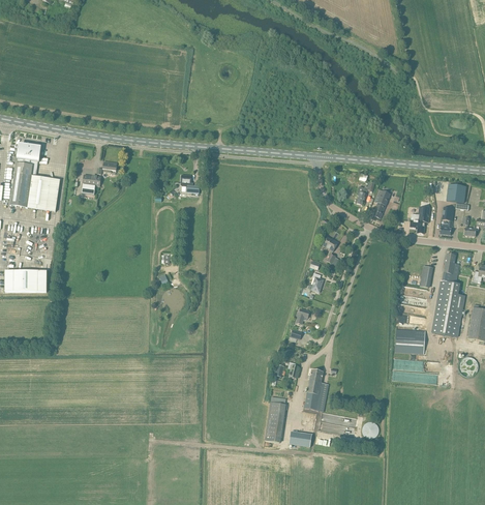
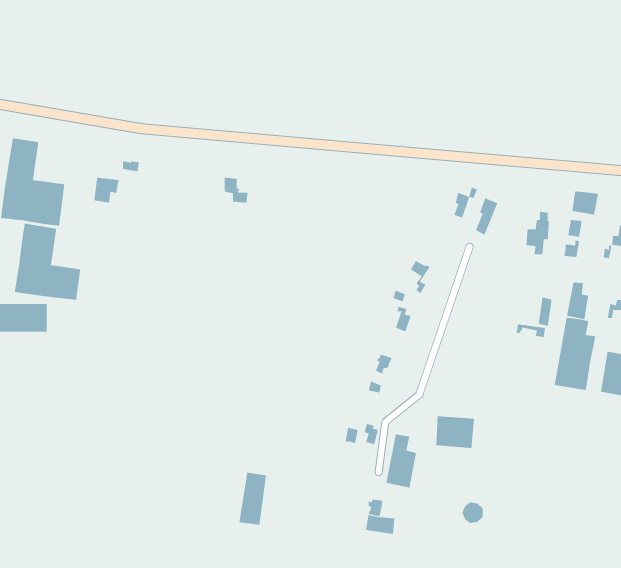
building: none -> [14,223,81,301]
building: [395,328,425,353] -> [435,416,475,448]
building: [264,402,285,442] -> [238,472,267,525]

